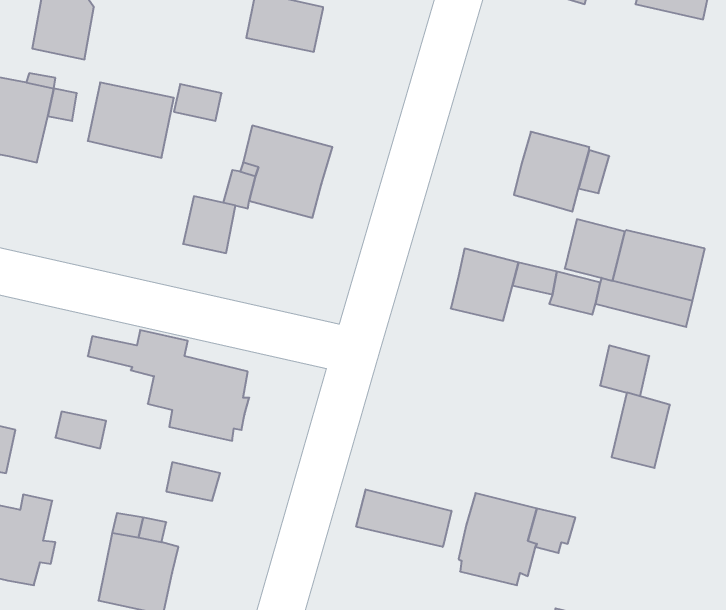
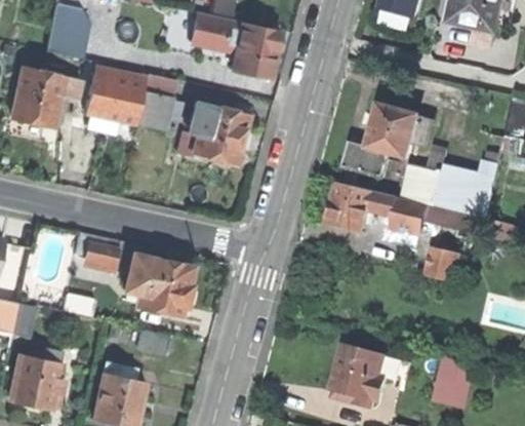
building: none -> [231,24,279,79]
building: none -> [344,143,390,178]
building: [183,196,235,253] -> [134,92,169,130]
building: [612,393,670,468] -> [433,357,472,408]
building: [356,489,451,547] -> none

